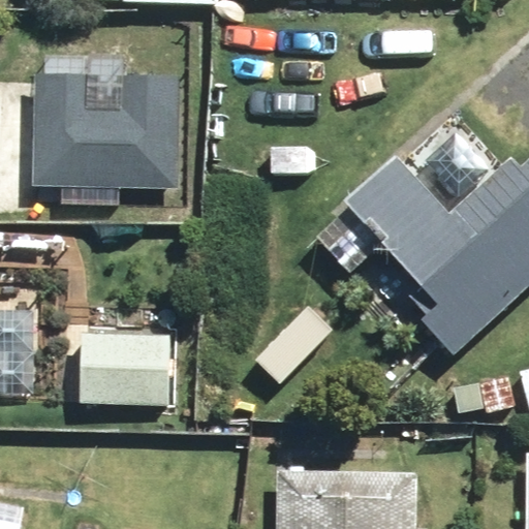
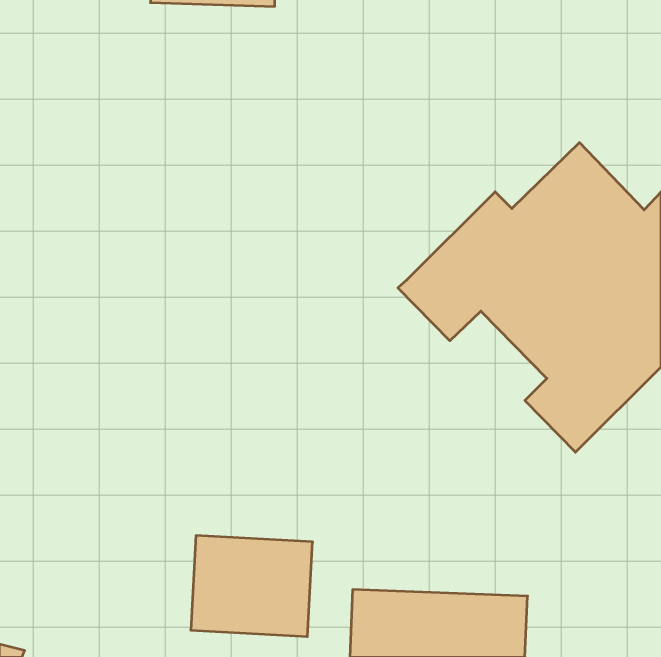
building: [31,71,180,187] -> none
building: [81,329,178,409] -> [191,536,313,637]

